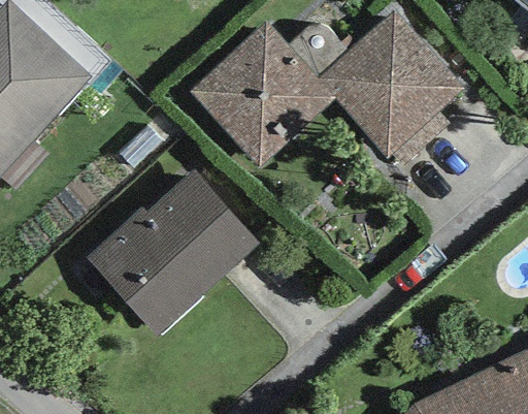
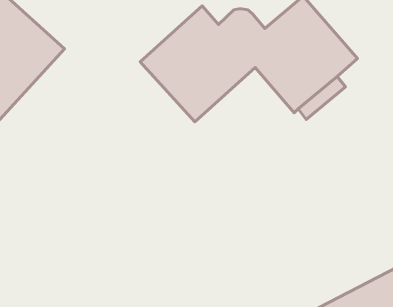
building: [86,168,259,337] -> none

